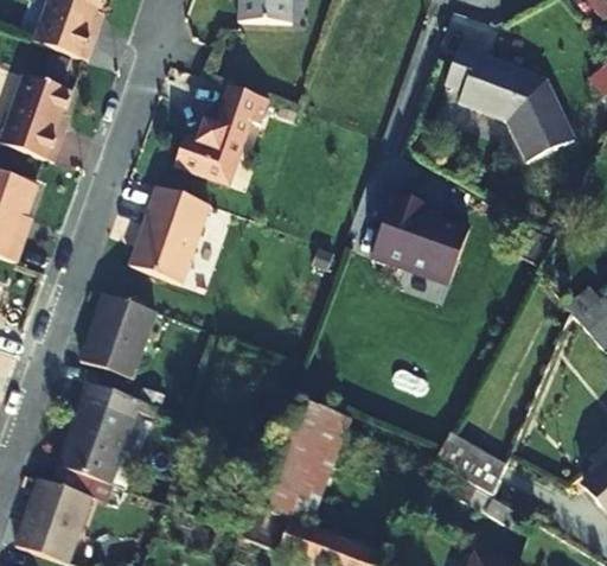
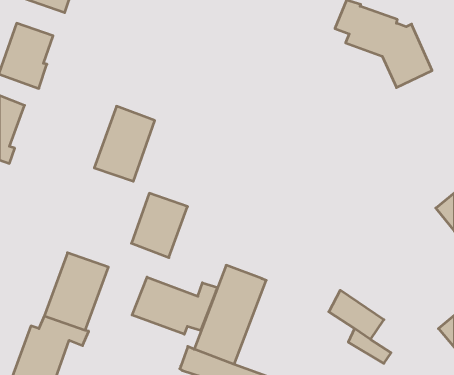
building: [173,85,268,184] -> none
building: [375,192,472,284] -> none
building: [82,294,156,380] -> [131,193,188,258]
building: none -> [132,277,218,334]

